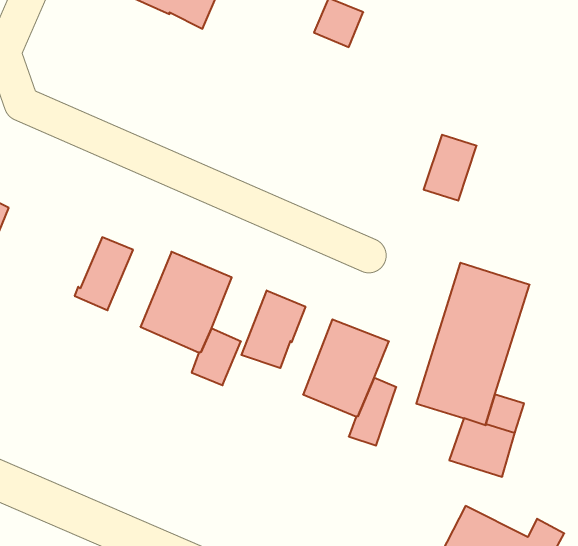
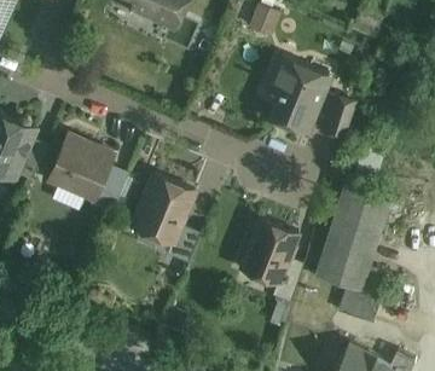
building: none -> [261,50,336,140]
building: none -> [48,137,112,198]
building: [241,290,305,368] -> none

